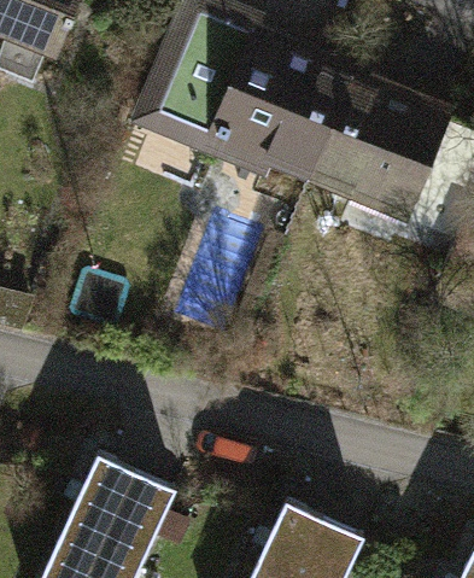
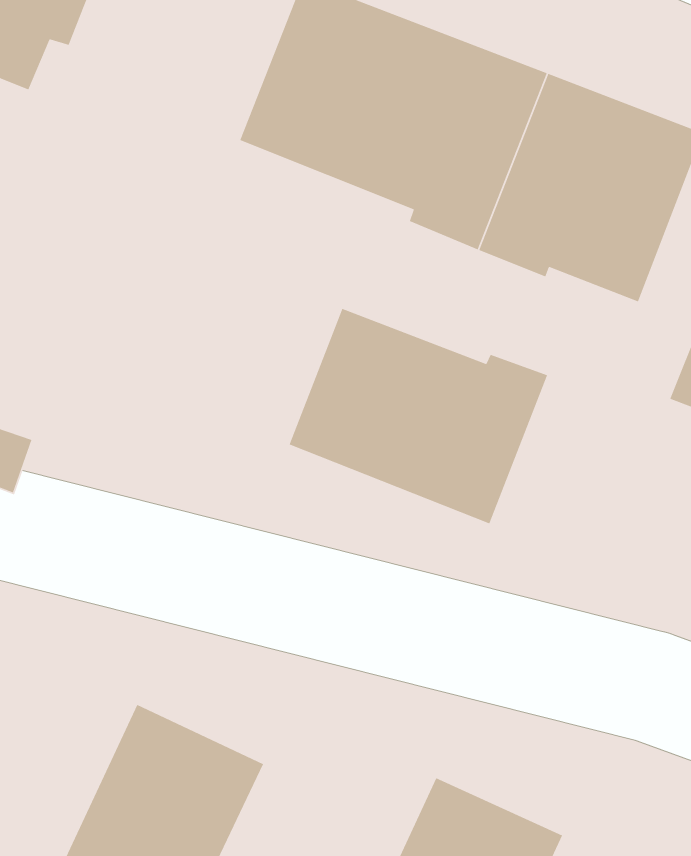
building: none -> [289,308,548,525]

